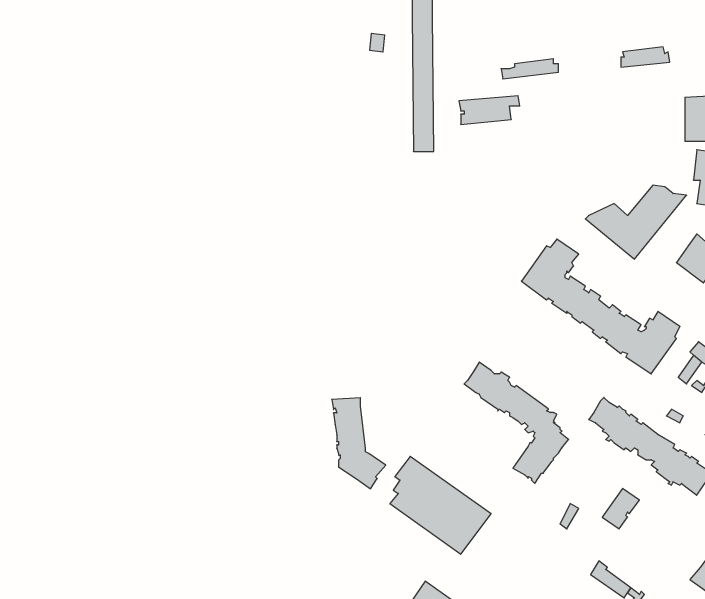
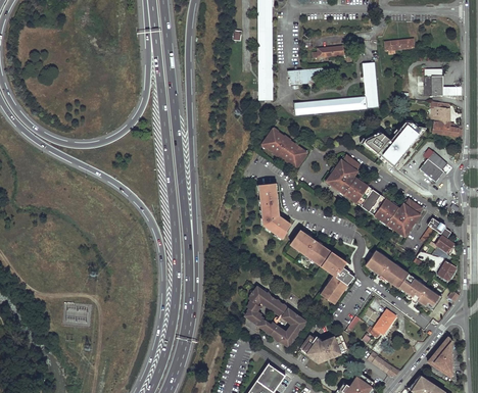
building: none -> [294,62,379,115]
building: none -> [261,129,306,167]
building: [332,398,386,489] -> [258,183,291,238]
building: none -> [300,335,347,360]

